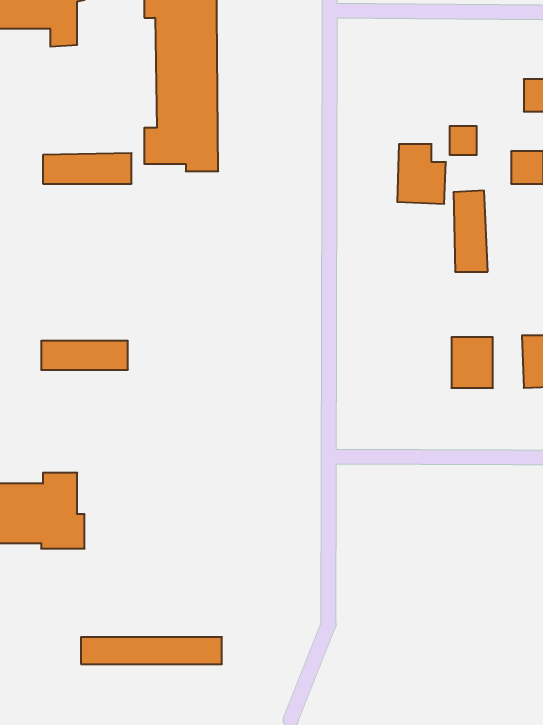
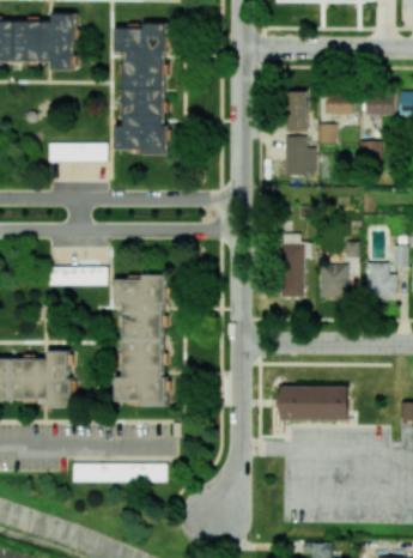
building: none -> [286,92,306,132]
building: none -> [326,96,353,115]
building: [453,191,488,272] -> [281,244,304,298]
building: none -> [116,273,166,404]
building: none -> [281,386,347,420]

